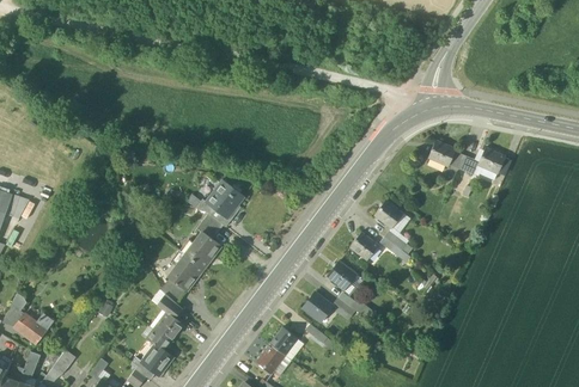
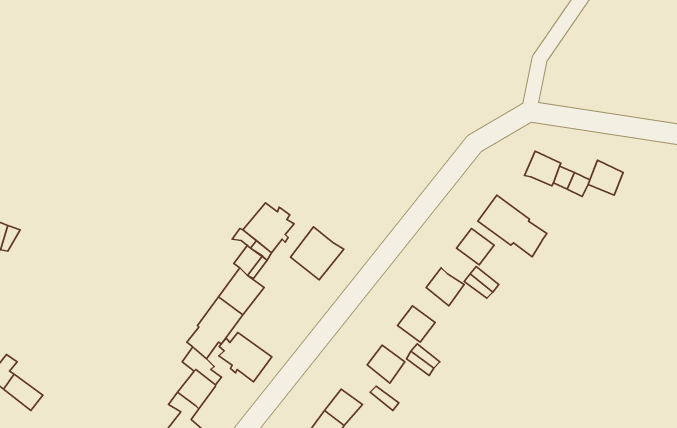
building: none -> [478,195,547,257]
building: none -> [290,227,344,280]
building: none -> [219,332,272,382]

